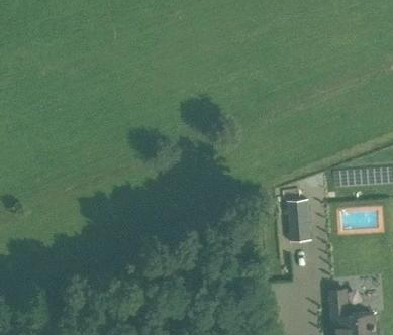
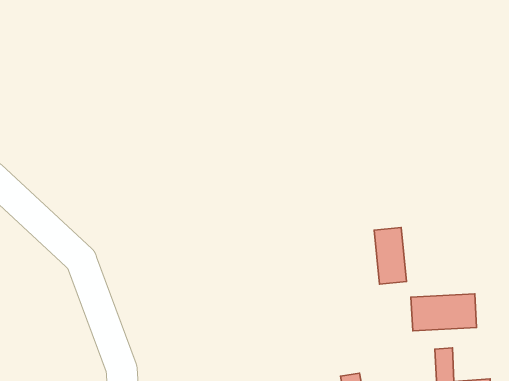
building: none -> [411,294,477,331]

